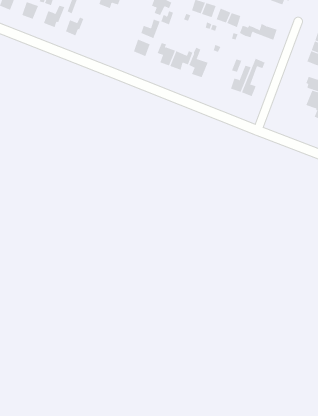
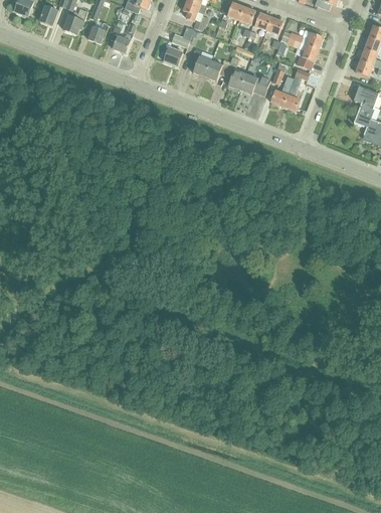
building: none -> [110,23,136,53]
building: none -> [294,39,319,68]
building: none -> [239,72,270,95]

